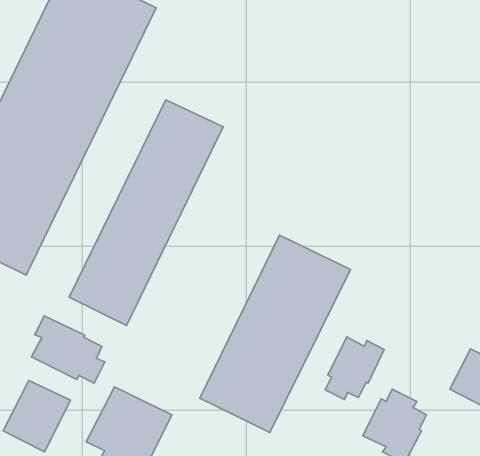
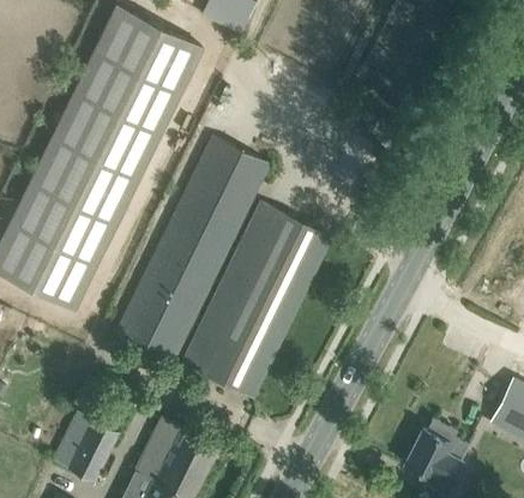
building: [200,235,351,433] -> [183,204,331,397]
building: [31,316,105,383] -> none
building: [325,337,384,399] -> none

